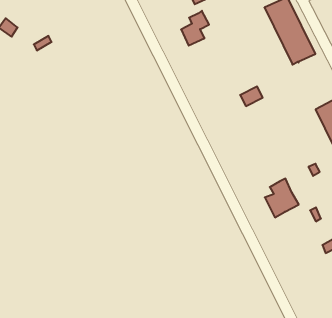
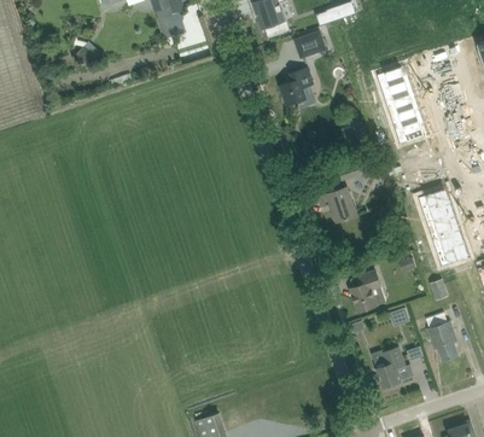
building: none -> [317,186,356,222]
building: none -> [371,348,404,389]

